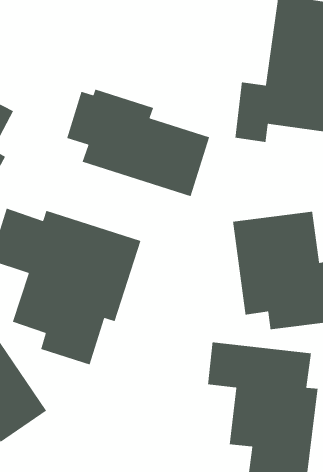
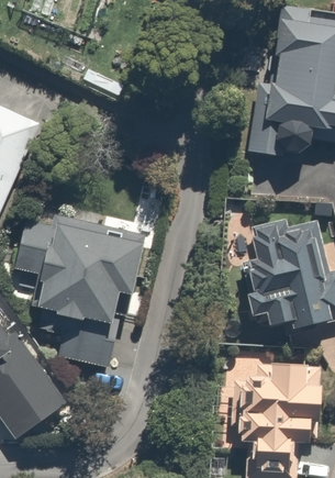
building: [66,89,210,197] -> none

